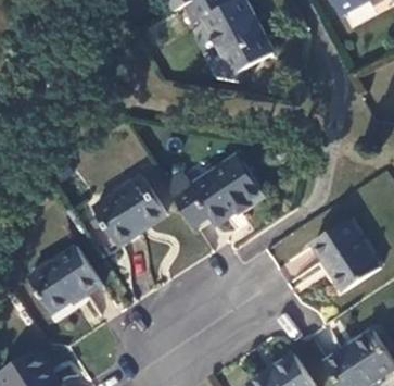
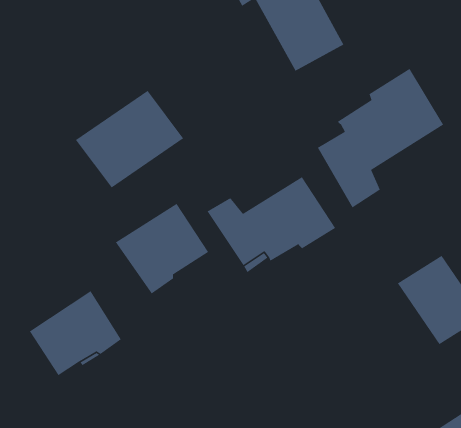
building: none -> [317,68,444,208]
building: none -> [75,90,184,188]

